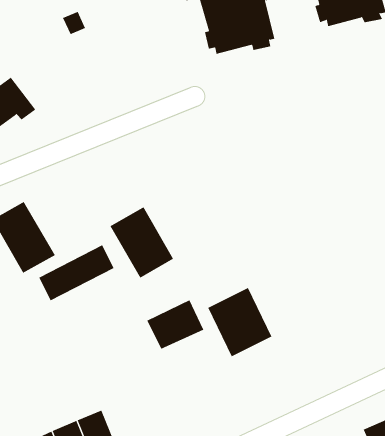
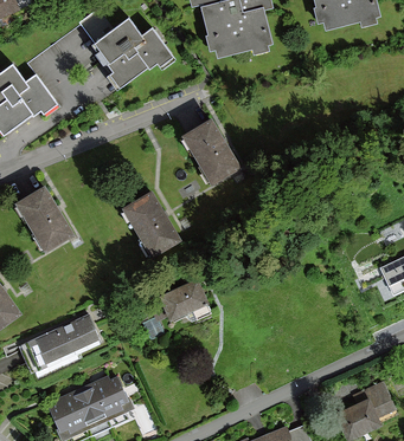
building: none -> [97,18,175,86]
building: none -> [181,121,241,187]
building: [38,245,114,301] -> [32,318,101,369]
building: [208,287,272,357] -> none

